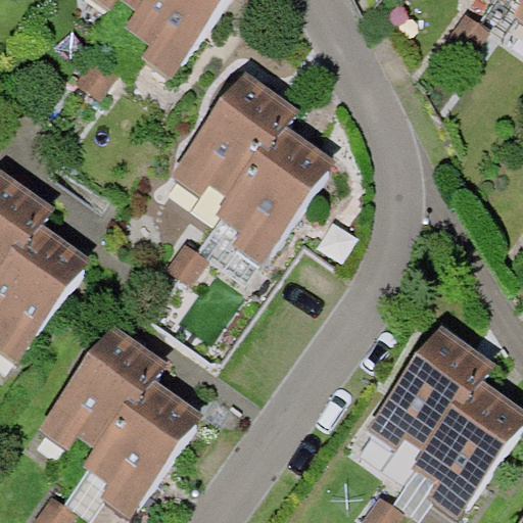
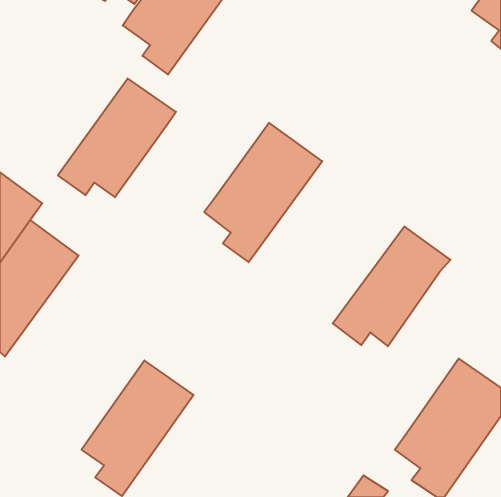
building: [153,74,276,197] -> [58,78,176,197]
building: [366,326,488,450] -> [333,226,451,346]
building: [38,327,159,450] -> none

